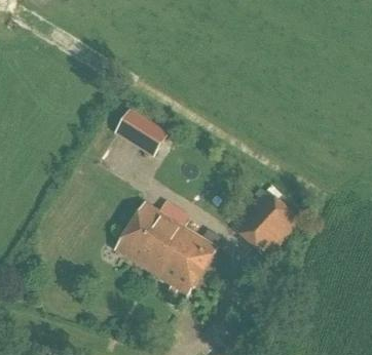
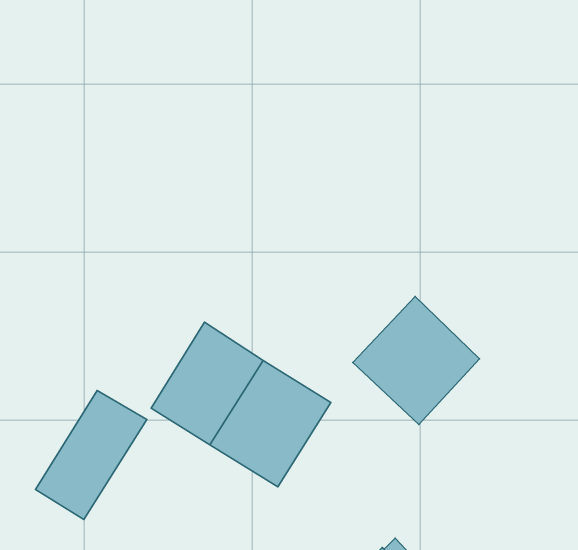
building: [114,108,169,156] -> none
building: none -> [36,390,147,520]

